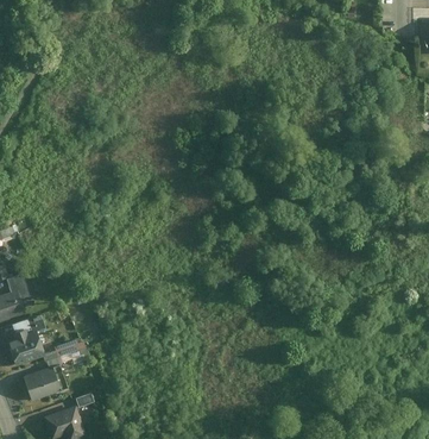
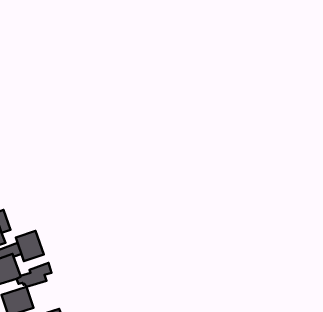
building: none -> [16,231,44,261]

